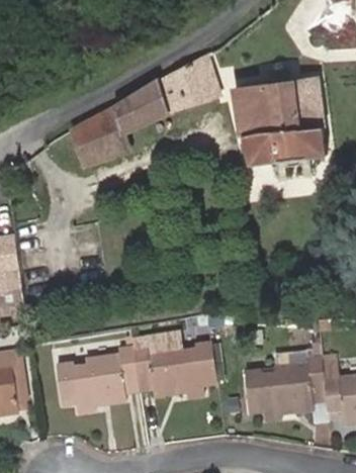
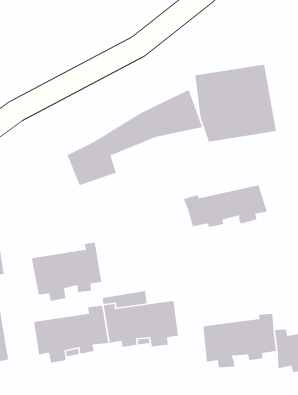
building: [69,59,219,166] -> [66,89,203,186]
building: none -> [183,185,268,228]
building: none -> [31,242,102,302]

